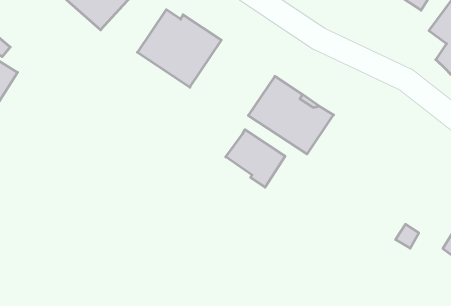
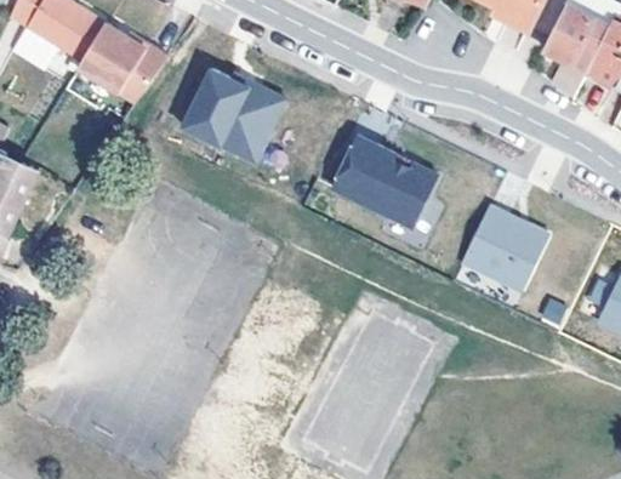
building: [226,130,285,187] -> none
building: none -> [460,203,548,290]

